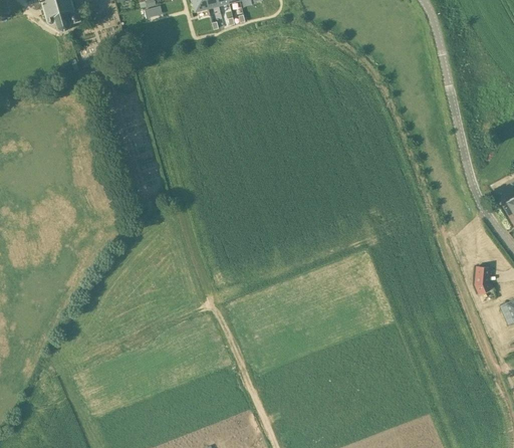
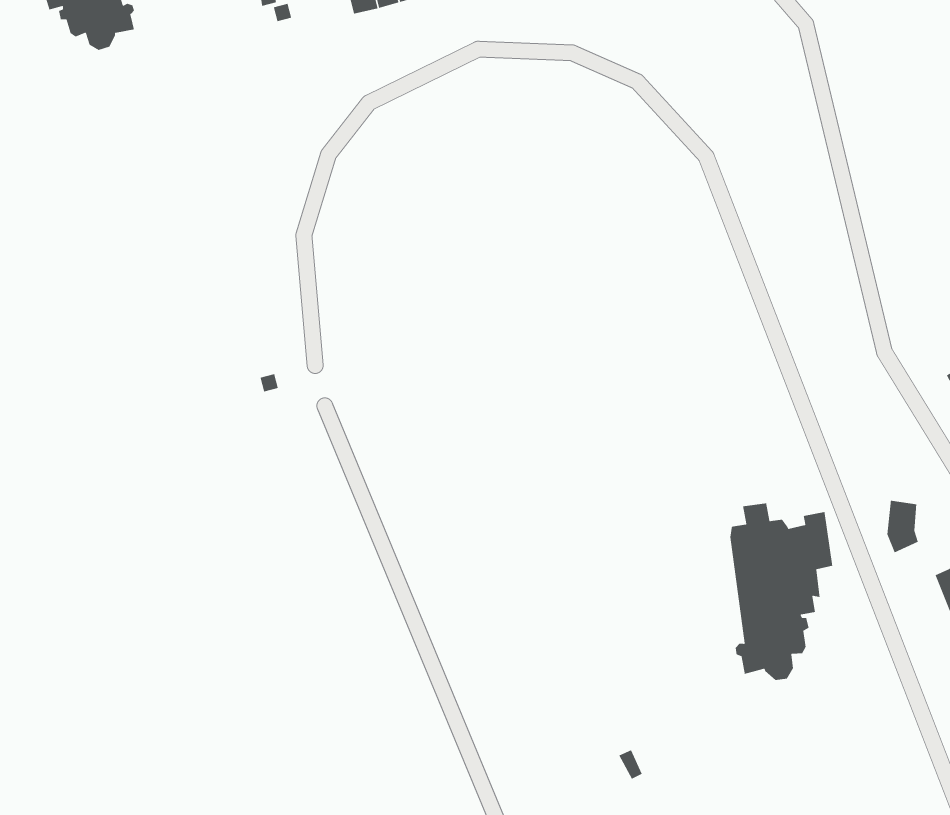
building: none -> [729,502,833,681]

